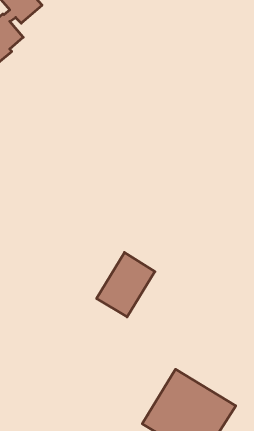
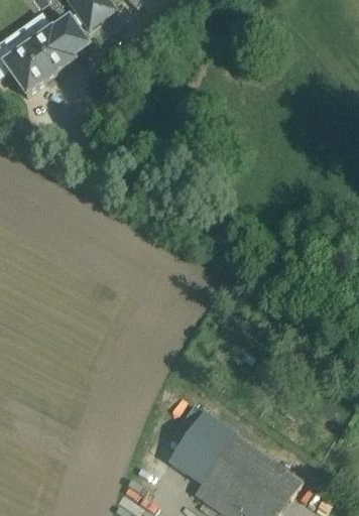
building: [97,252,155,317] -> [169,410,238,484]

